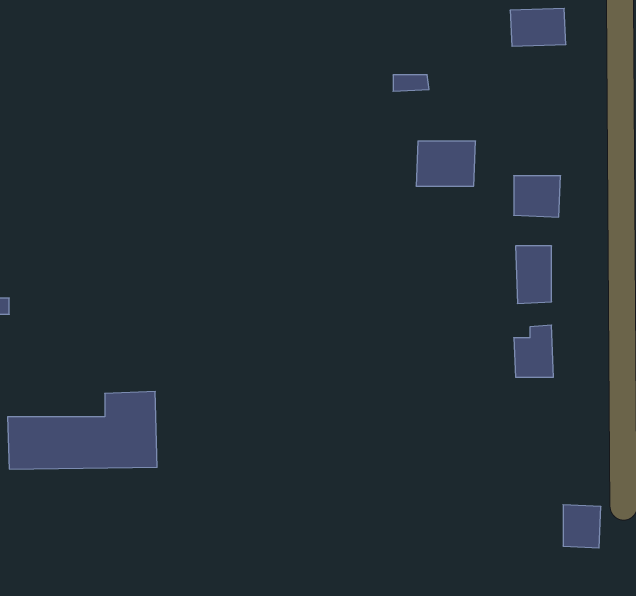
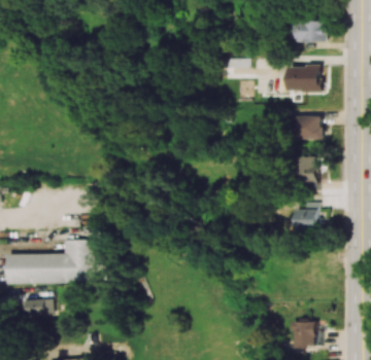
building: [416,141,476,186] -> [288,66,322,92]
building: none -> [25,298,52,316]
building: [563,505,601,548] -> [295,321,316,346]

